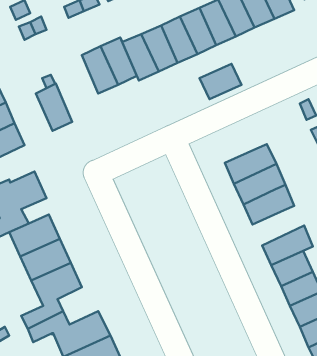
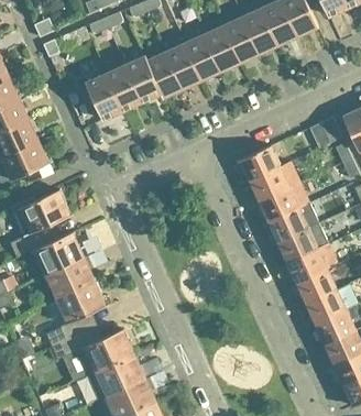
building: [200,64,241,99] -> [239,145,281,180]
building: [36,83,72,131] -> [86,73,122,120]
building: none -> [276,223,328,263]

